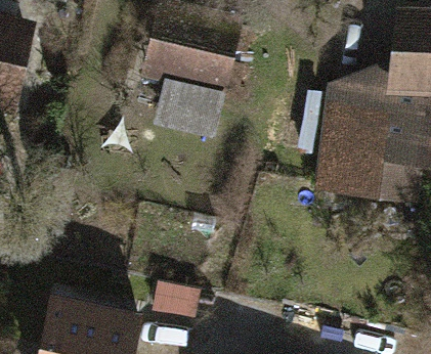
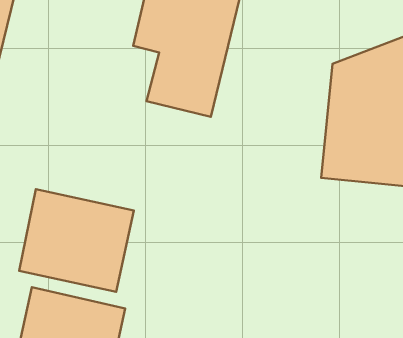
building: none -> [19,189,134,292]

